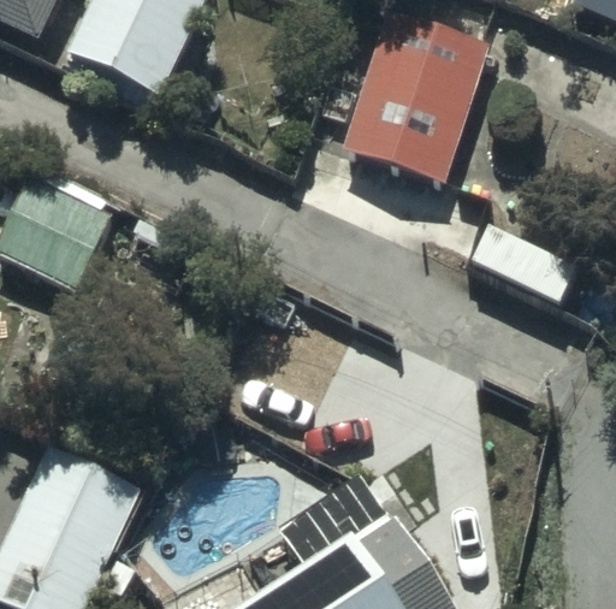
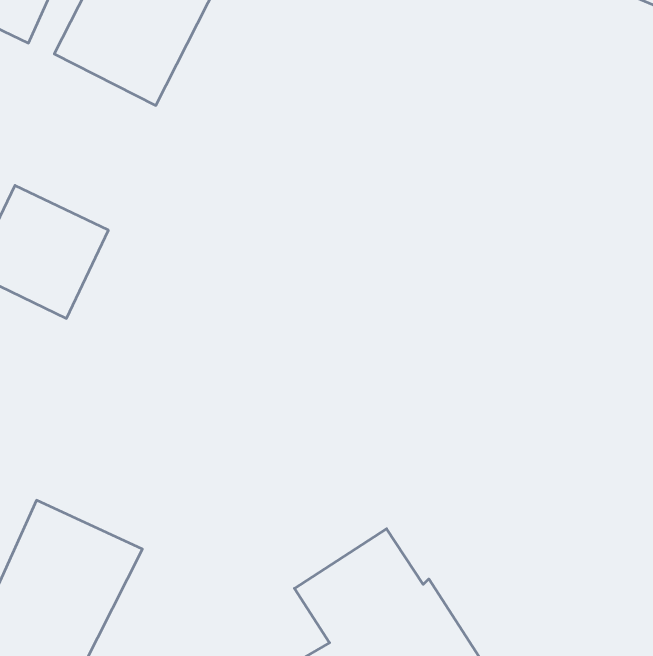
building: [339,16,487,184] -> none

